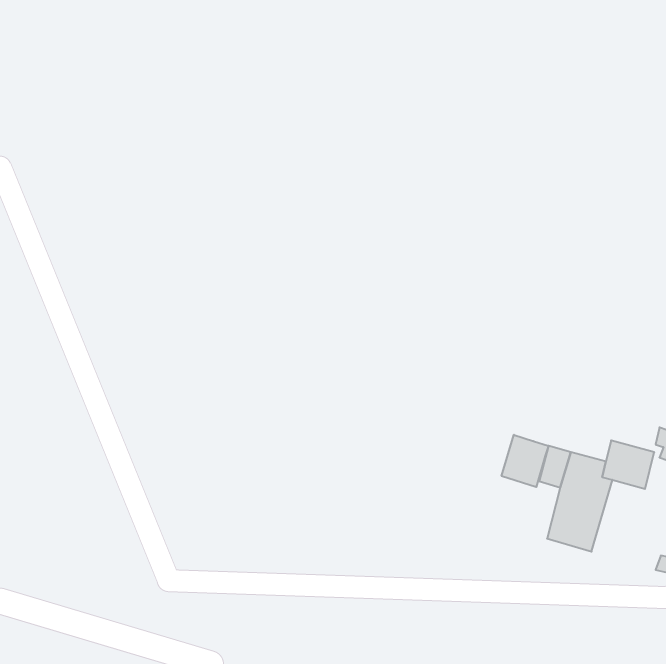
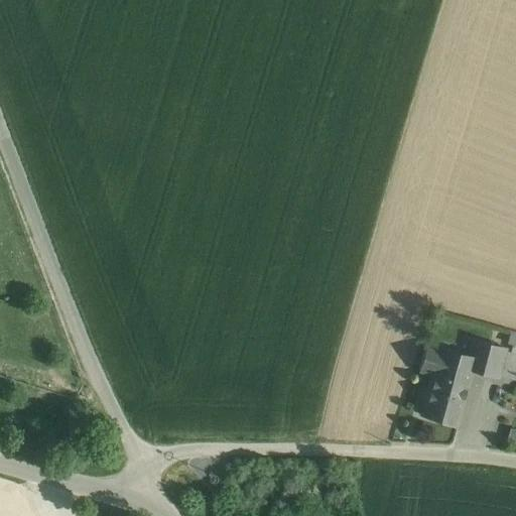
building: [502,435,548,487] -> none

